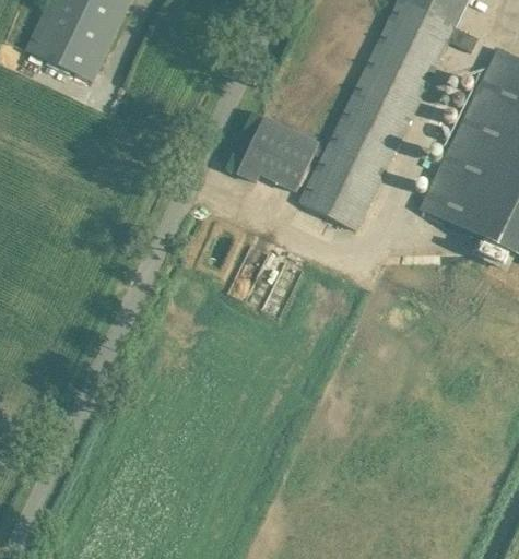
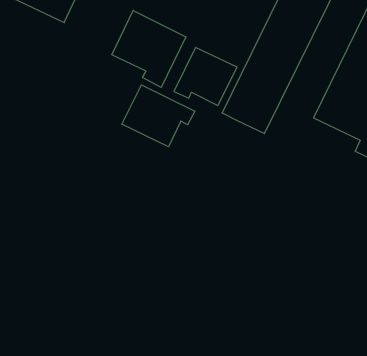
building: none -> [112,10,186,87]
building: none -> [122,85,195,147]

